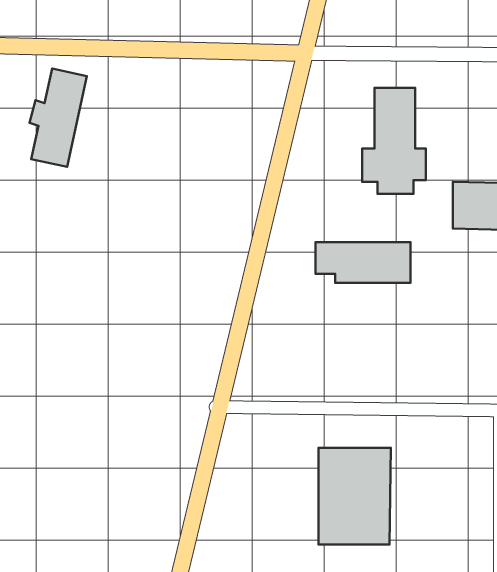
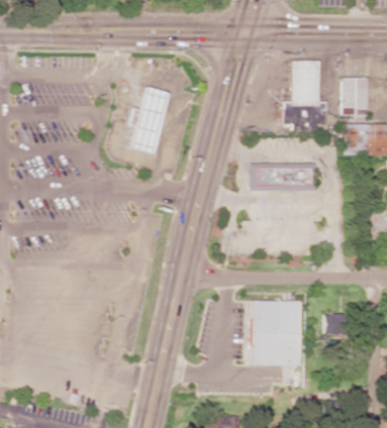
building: [30,68,87,167] -> [129,87,168,152]
building: none -> [343,78,368,115]
building: none -> [324,313,349,333]

